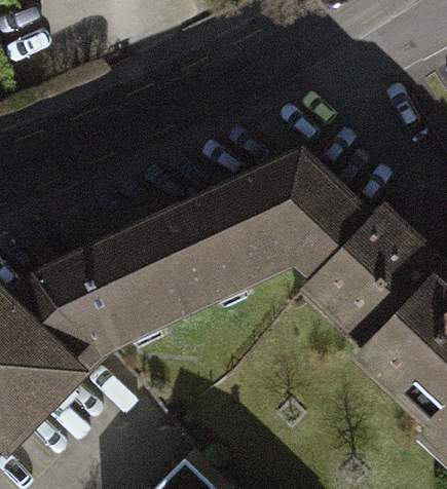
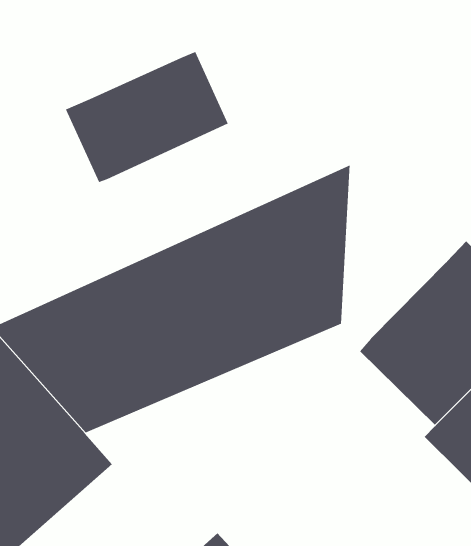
building: none -> [65,51,228,183]
building: [296,144,382,288] -> none

